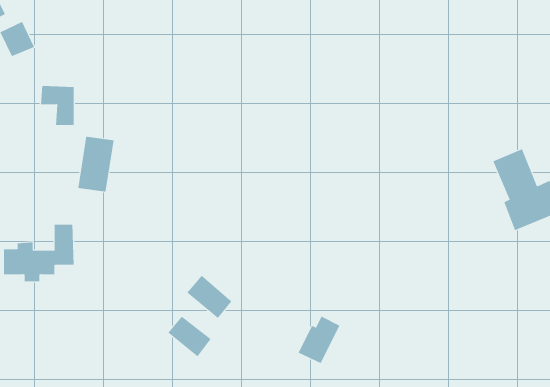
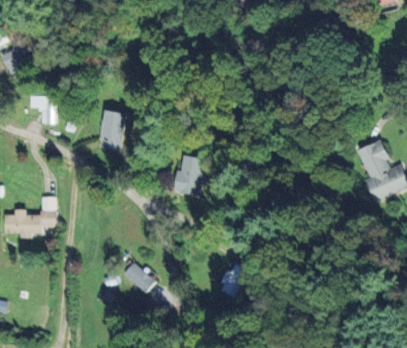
building: [77,136,114,192] -> [99,110,126,151]
building: none -> [174,155,211,196]
building: [186,275,232,319] -> none

